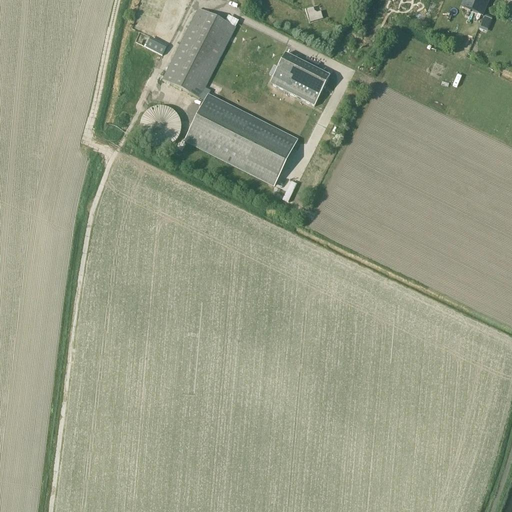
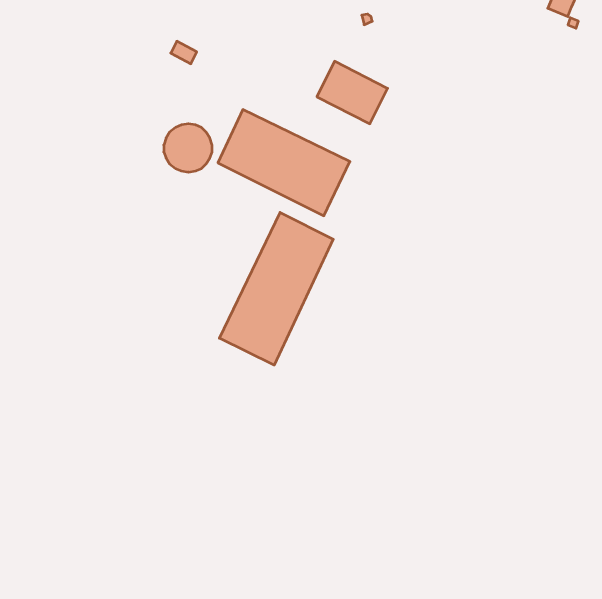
building: [162,7,235,97] -> none
building: none -> [219,212,333,365]

